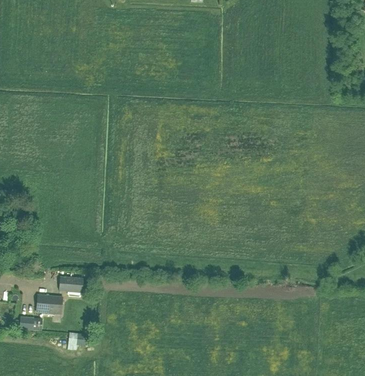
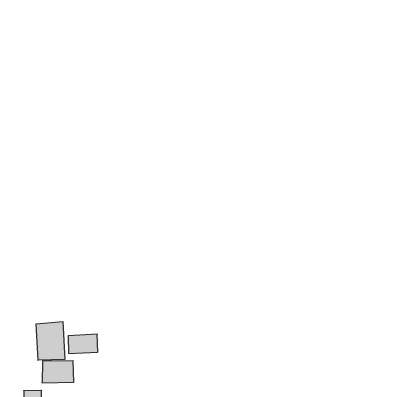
building: none -> [36,322,65,360]

